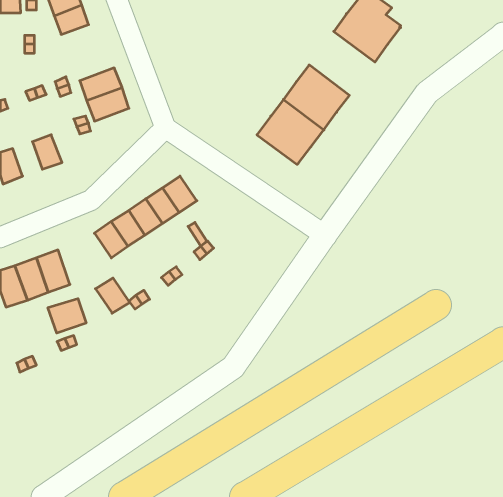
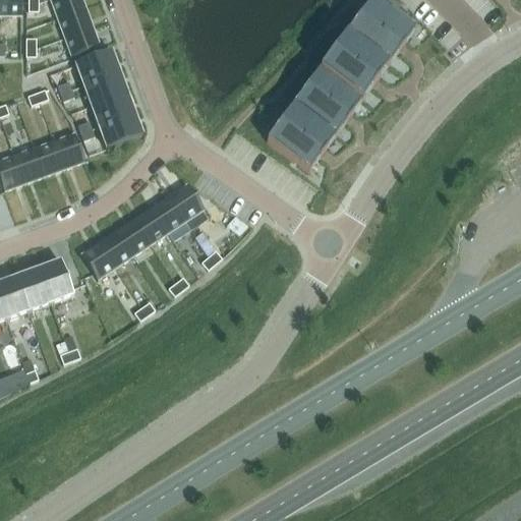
building: none -> [63,25,100,56]
building: none -> [320,33,388,99]
building: none -> [74,48,118,83]
building: none -> [98,112,141,147]
building: none -> [53,131,84,168]
building: none -> [13,147,44,182]
building: [95,278,130,313] -> [79,241,115,278]
building: [48,299,86,333] -> none

